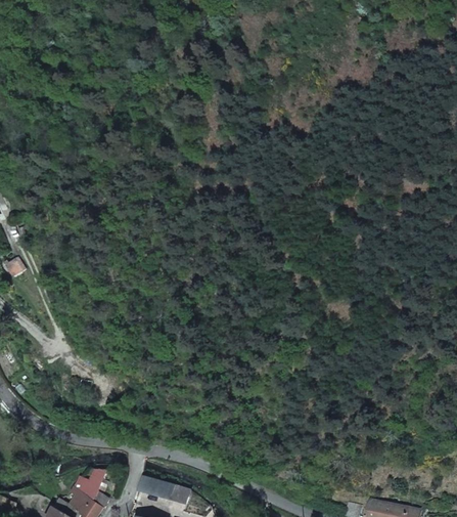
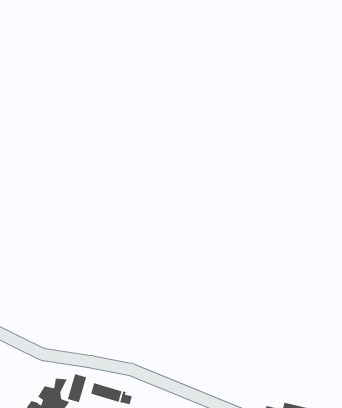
building: none -> [67,373,87,403]

